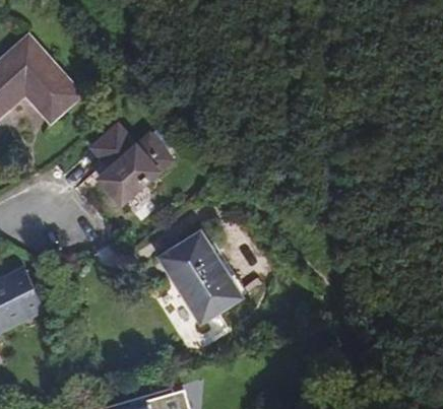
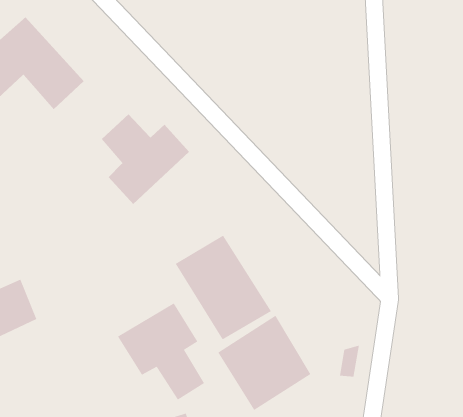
building: none -> [117,302,205,400]
building: none -> [218,315,311,411]

